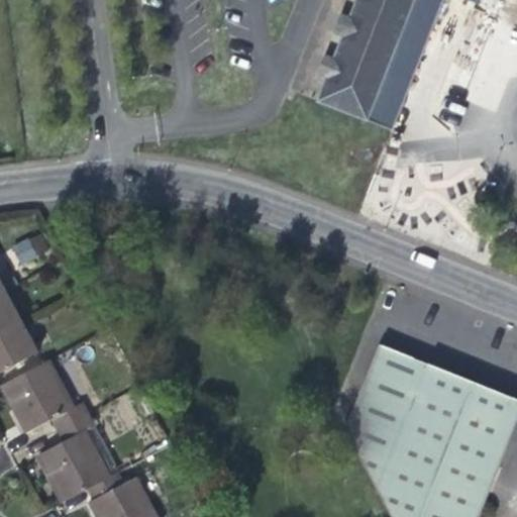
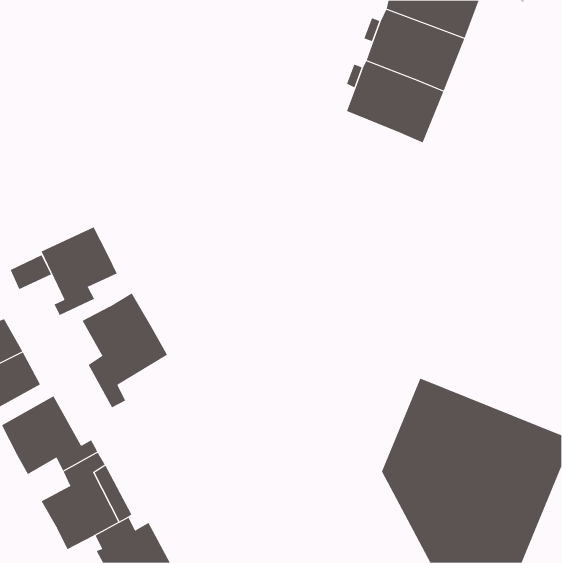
building: none -> [41,226,117,316]
building: none -> [82,292,168,408]

